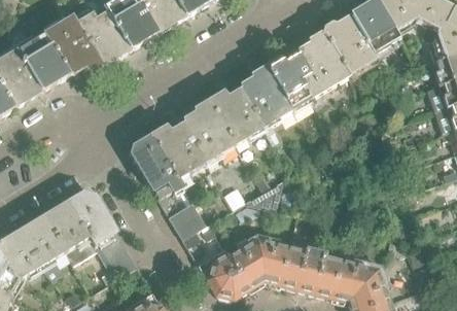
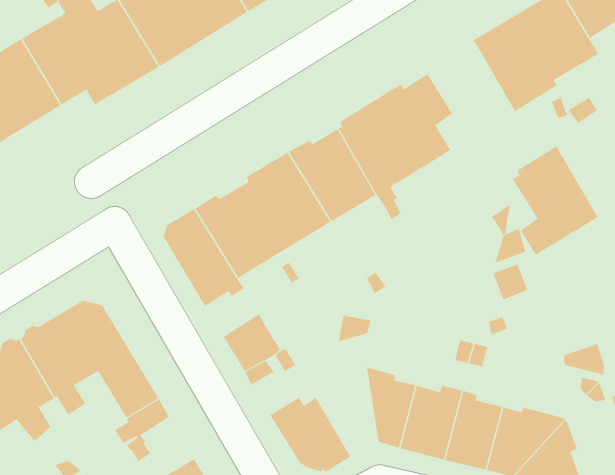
building: [295,32,349,100] -> [512,146,599,256]
building: [226,234,265,289] -> none

